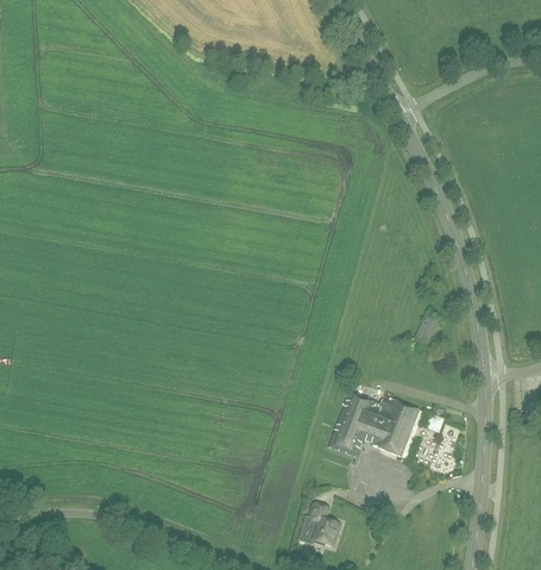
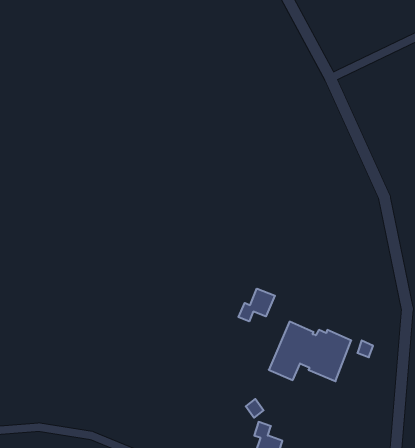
building: none -> [238,289,275,321]

